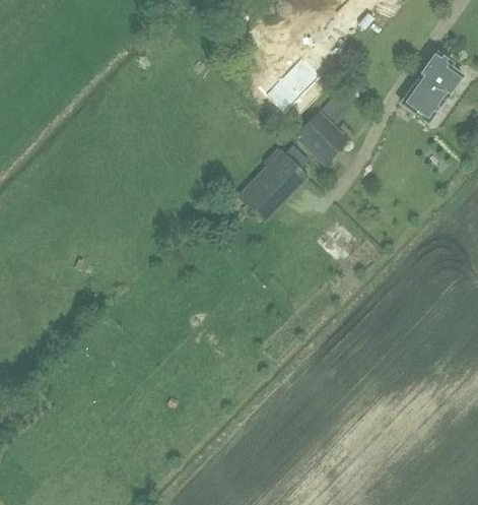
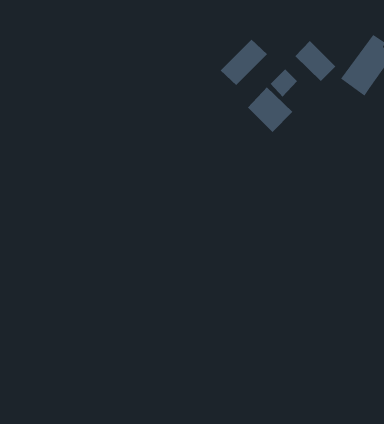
building: none -> [294,40,336,82]
building: [238,151,304,218] -> none

